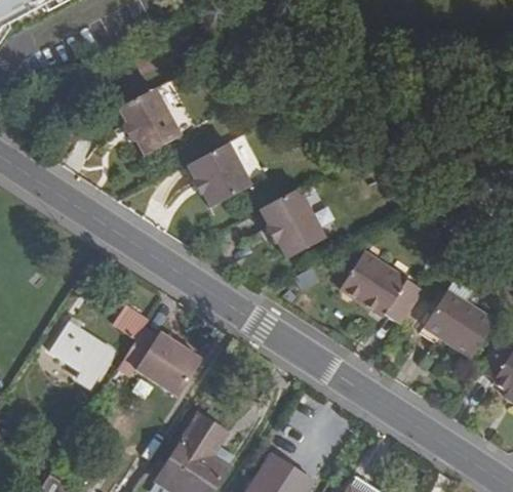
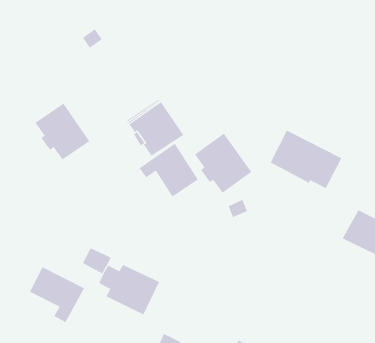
building: [113,88,175,155] -> [35,103,90,160]
building: none -> [139,143,199,197]
building: [336,252,421,326] -> [270,130,342,189]

